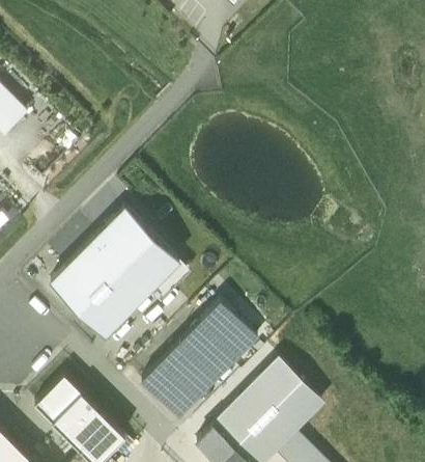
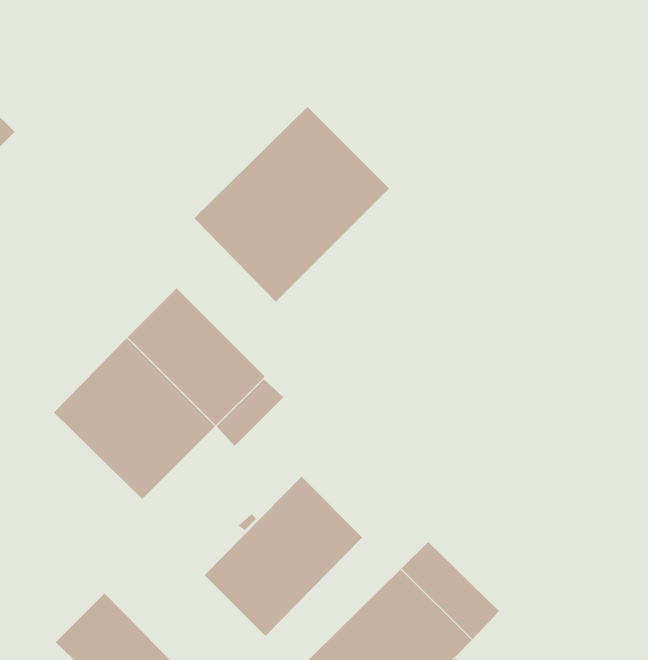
building: none -> [194,106,390,303]
building: [201,303,258,360] -> none
building: [34,377,81,424] -> none

